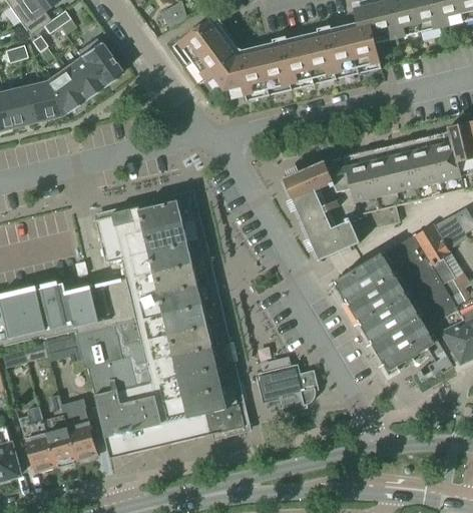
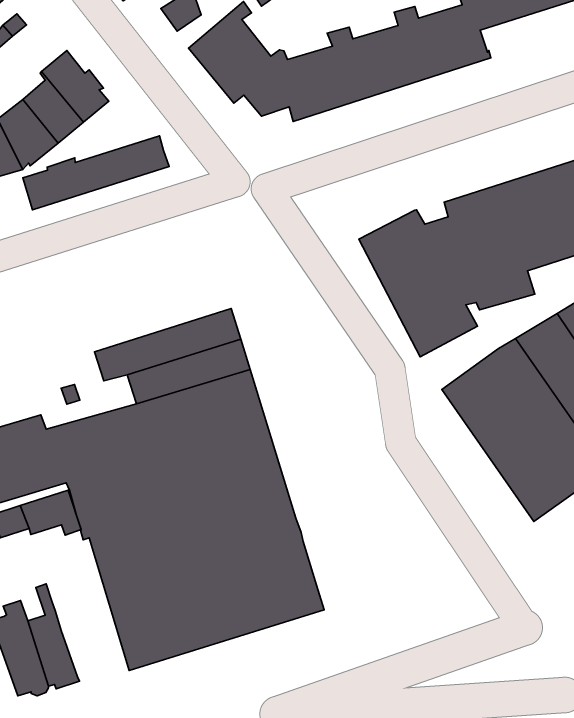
building: [95,197,194,241] -> [23,136,169,210]
building: [261,369,315,408] -> none
building: [60,402,96,462] -> none

